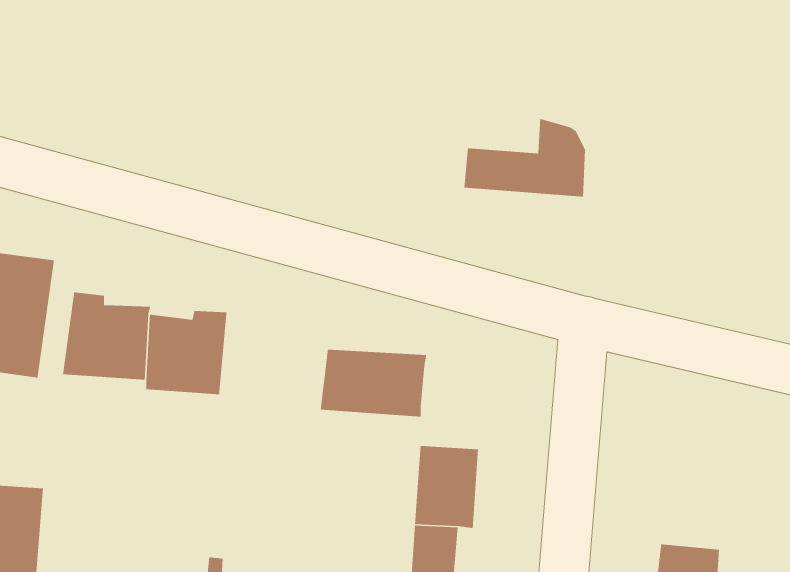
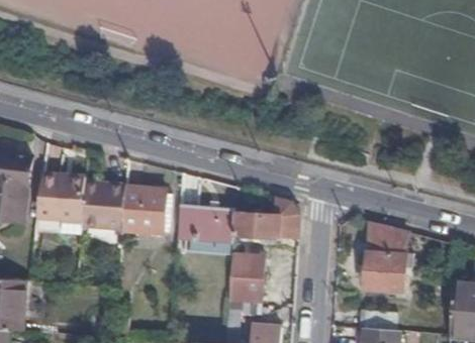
building: [464,118,586,197] -> [231,198,298,241]
building: none -> [121,186,166,233]
building: none -> [364,224,406,294]

